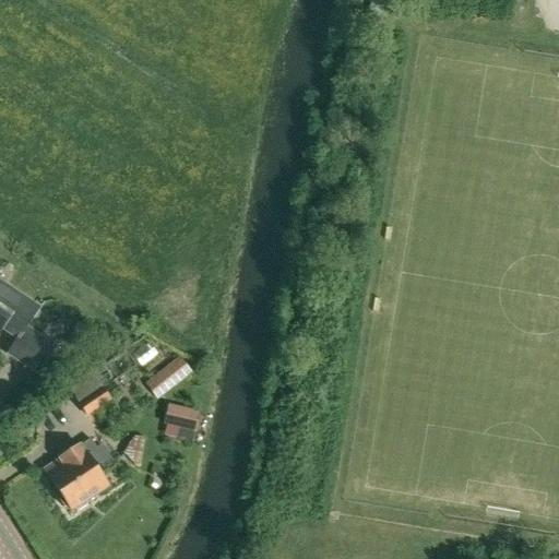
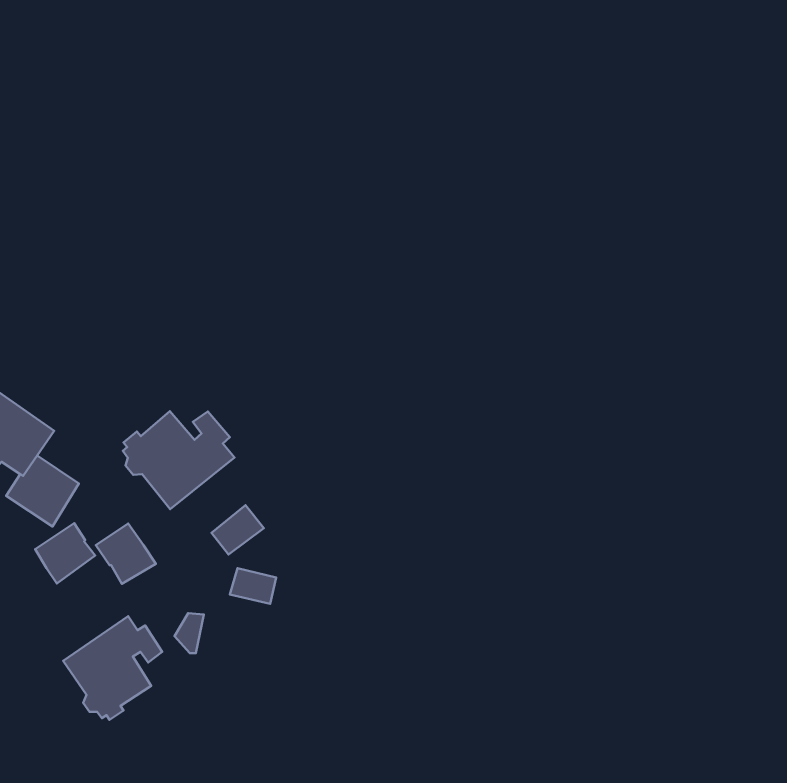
building: none -> [123,411,234,509]
building: none -> [35,523,95,583]

